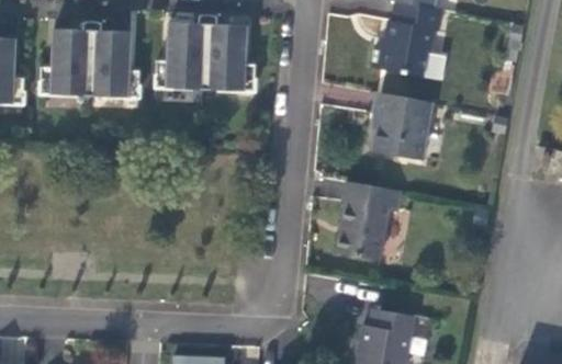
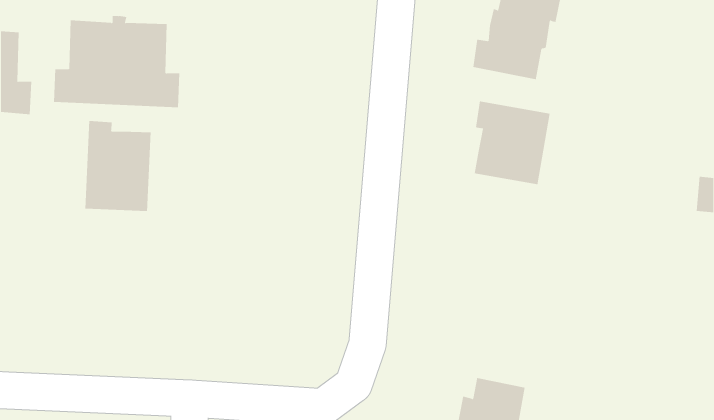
building: [157,19,255,90] -> none
building: none -> [85,120,151,212]
building: [337,180,401,258] -> none

